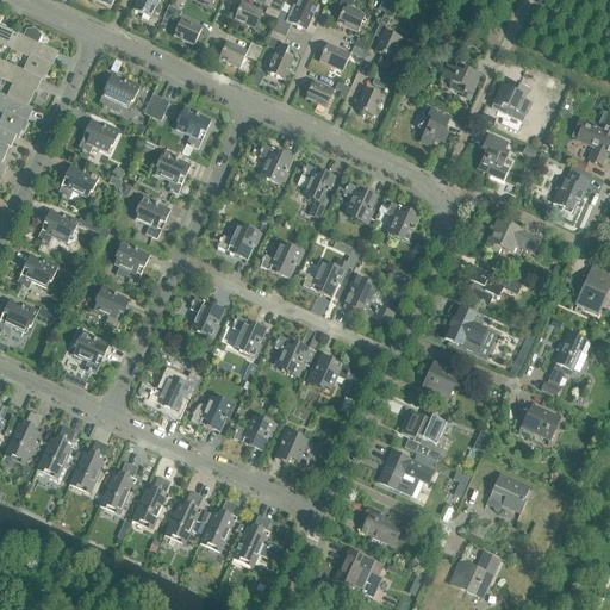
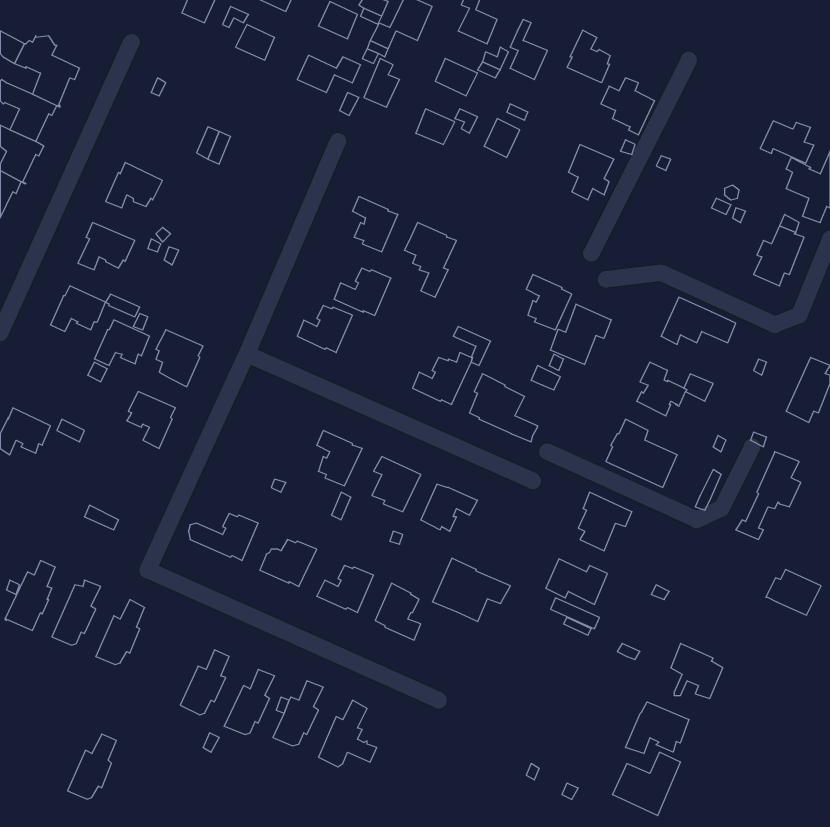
building: none -> [567,30,610,83]
building: [98,74,139,112] -> none
building: [492,83,531,114] -> [760,121,814,163]
building: [175,106,210,148] -> none
building: [478,133,510,173] -> none
building: [155,151,189,193] -> none
building: [343,182,376,223] -> none
building: [135,197,169,238] -> none
building: none -> [551,304,611,365]
building: [260,243,301,278] -> [334,268,391,315]
building: [17,255,57,288] -> [94,320,150,365]
building: [189,297,223,337] -> none
building: [73,331,107,373] -> none
building: [519,406,560,440] -> [766,570,821,615]
building: [378,449,435,496] -> [432,558,510,621]
building: [100,461,136,509] -> [68,734,116,799]
building: [361,505,411,544] -> none
building: none -> [626,702,689,754]
building: [334,548,382,596] -> none

